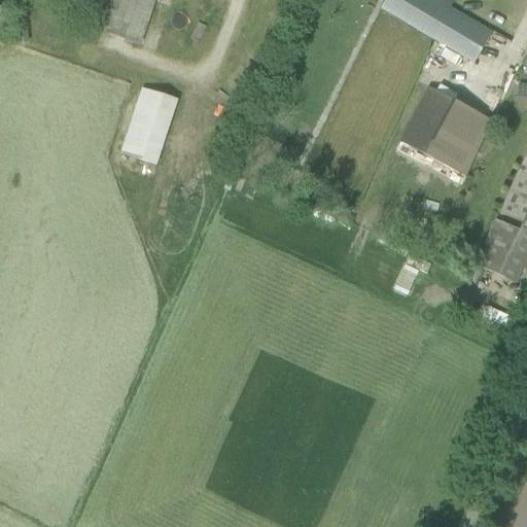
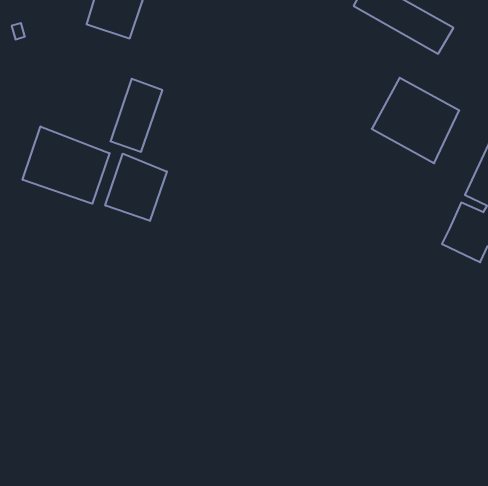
building: none -> [23,126,110,204]
building: none -> [105,154,167,221]

